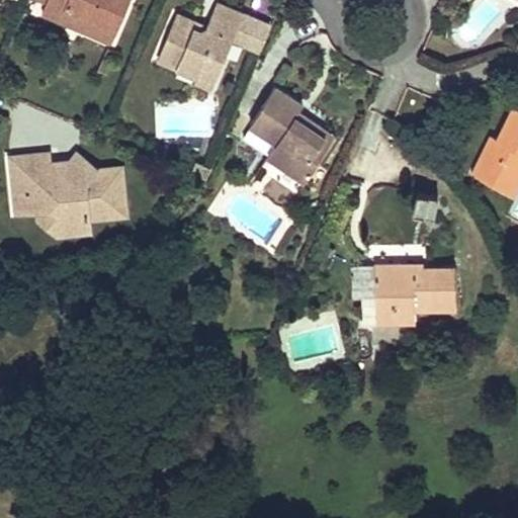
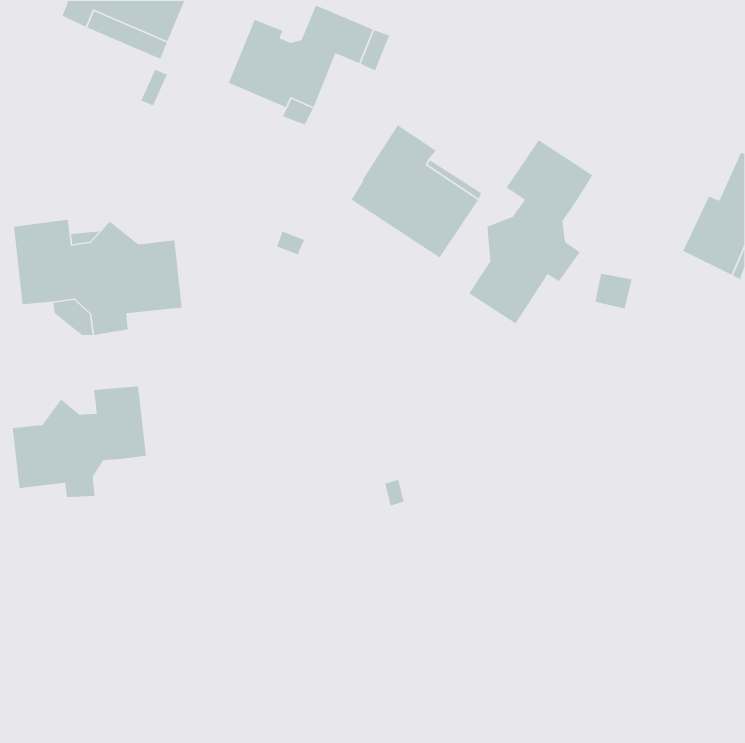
building: none -> [468,139,593,324]
building: [374,264,456,322] -> none
building: none -> [12,386,147,498]

